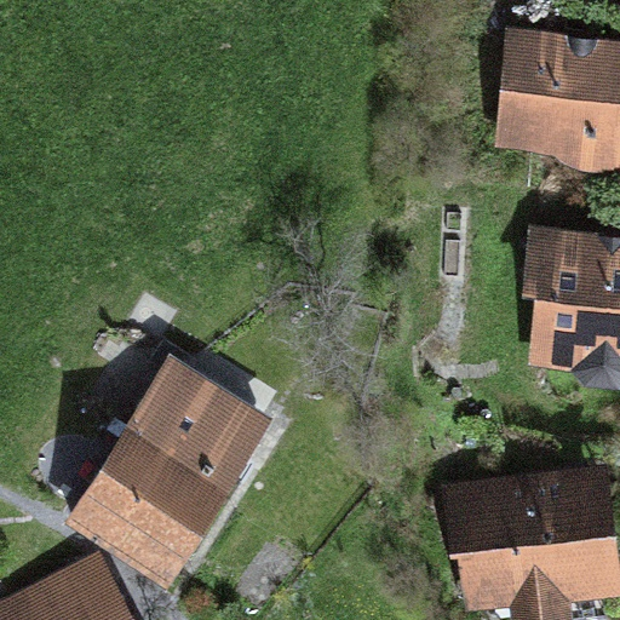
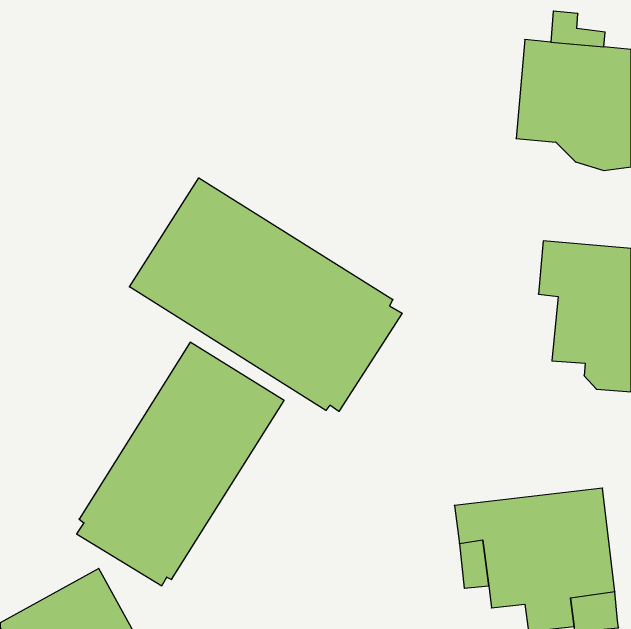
building: none -> [129,178,402,411]

